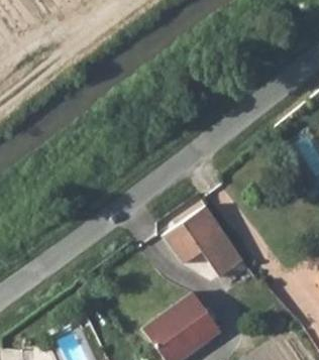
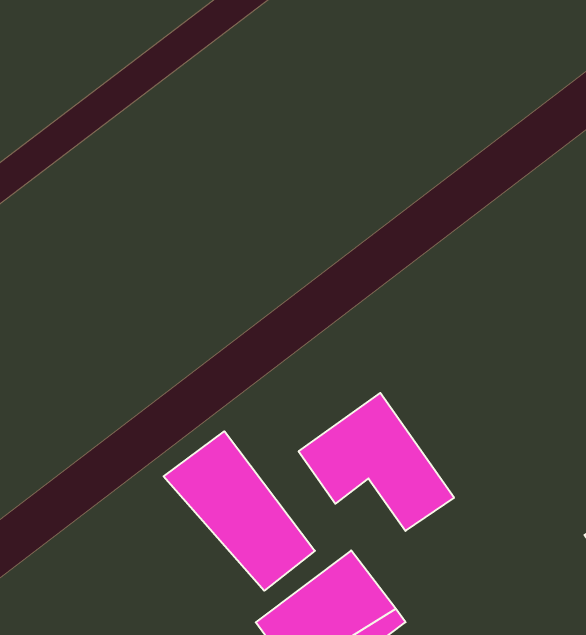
building: none -> [164,431,315,591]

